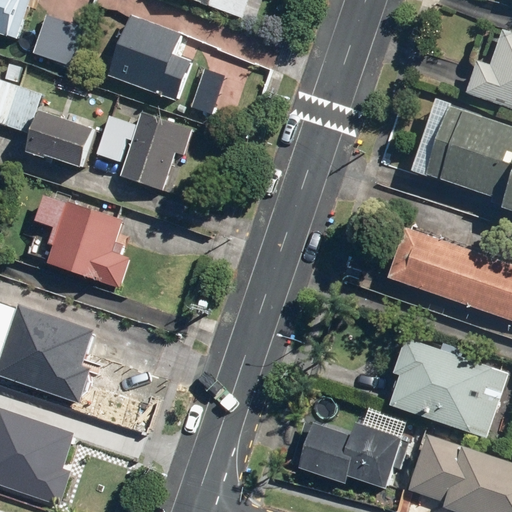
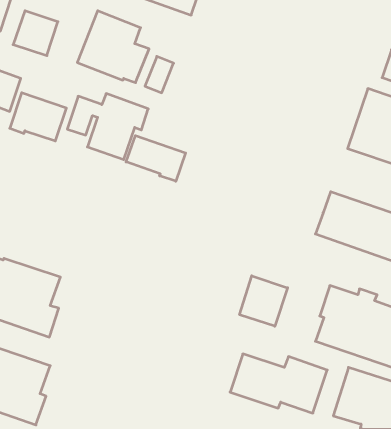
building: none -> [126,136,186,181]
building: [35,194,130,286] -> none
building: none -> [240,276,288,326]

